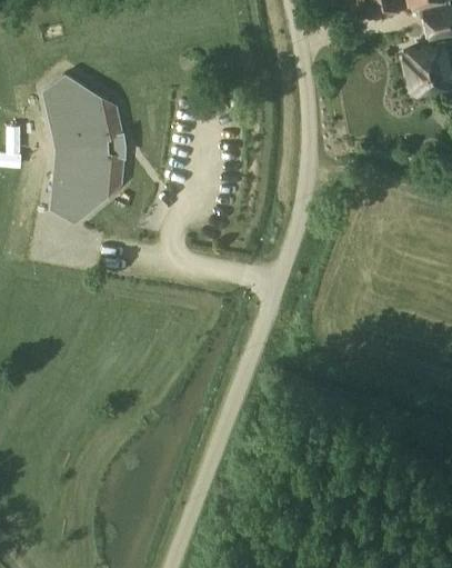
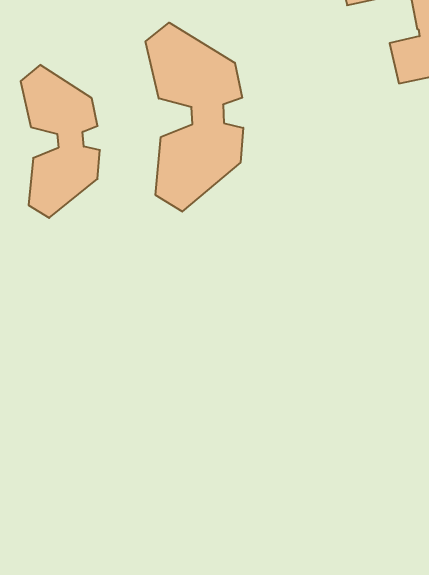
building: none -> [146,23,243,212]

